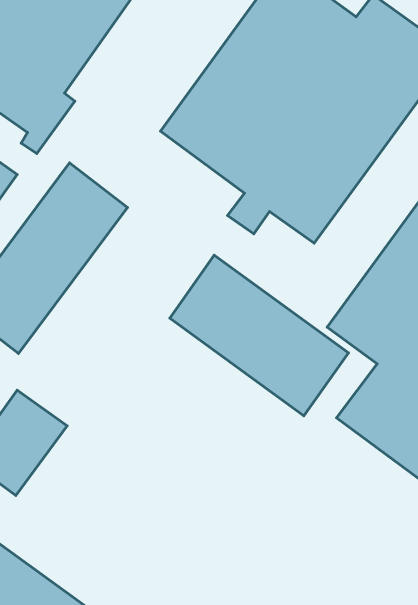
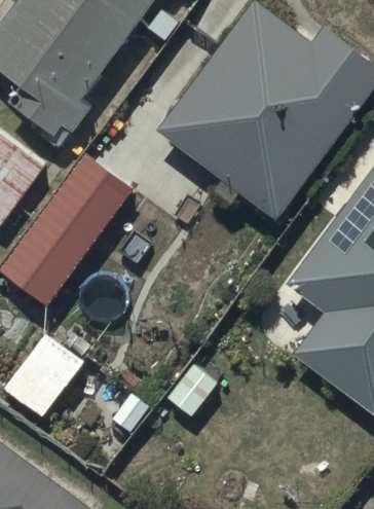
building: [170,255,348,416] -> none

